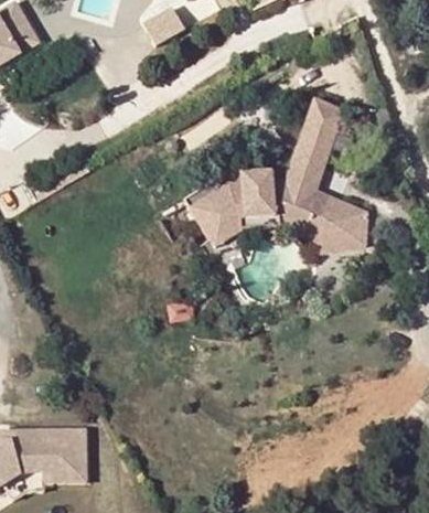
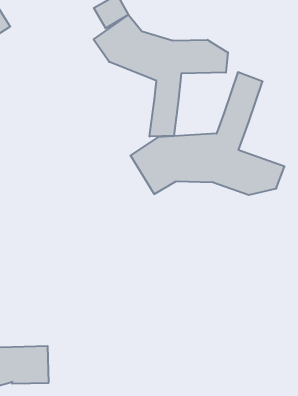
building: none -> [94,15,228,137]

